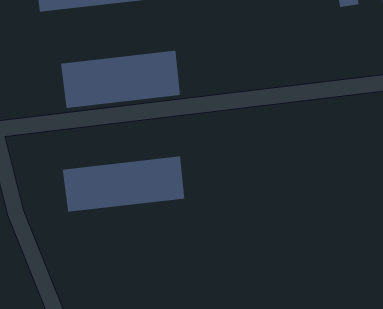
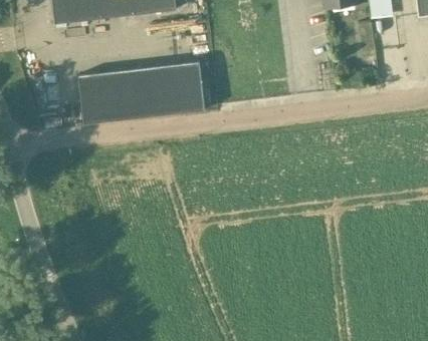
building: [62,156,185,213] -> none

